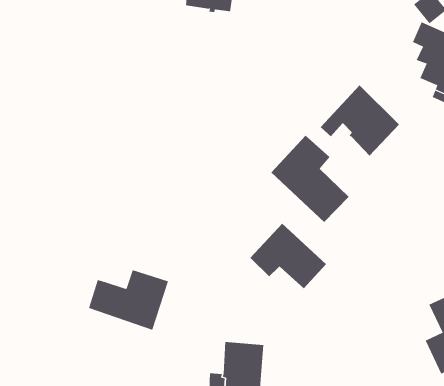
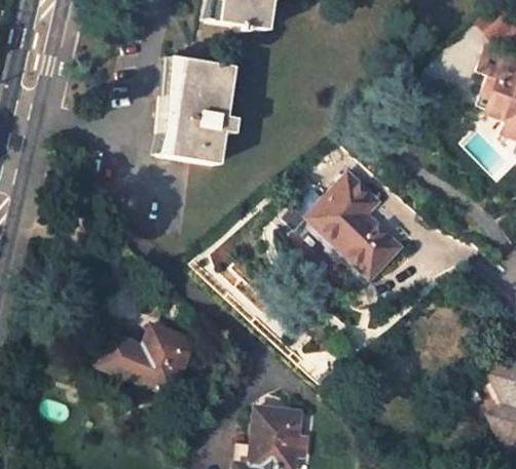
building: none -> [155,58,229,165]
building: [320,85,400,157] -> none
building: [249,223,327,289] -> none

